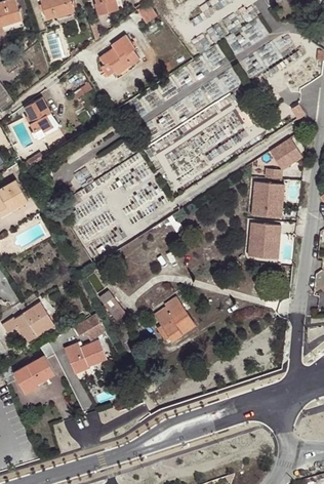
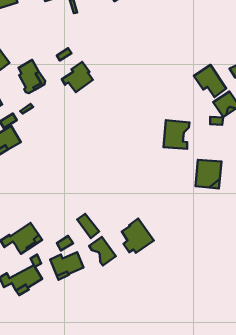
building: [98,36,137,74] -> [62,62,93,92]
building: none -> [194,65,226,97]
building: [250,183,283,218] -> [163,120,190,149]
building: none -> [89,237,116,265]

